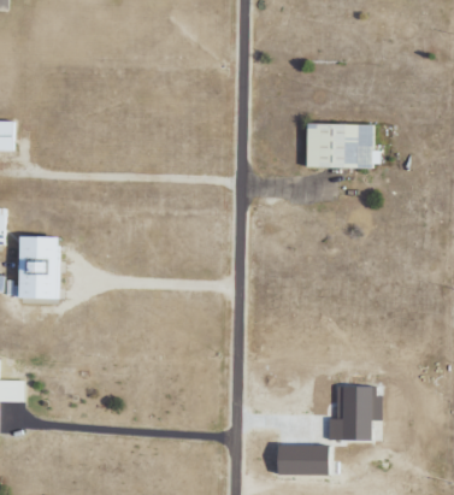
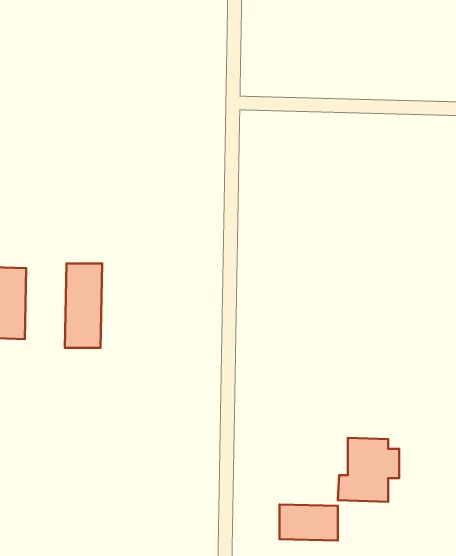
building: [306,124,379,169] -> none
building: none -> [65,264,102,348]

